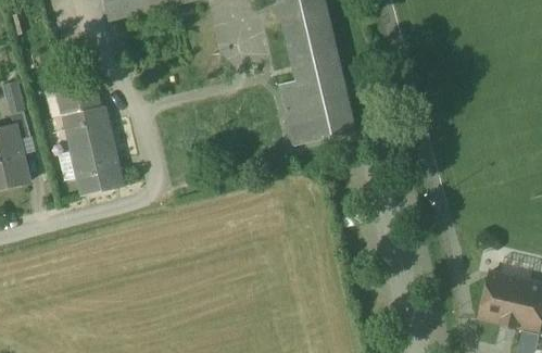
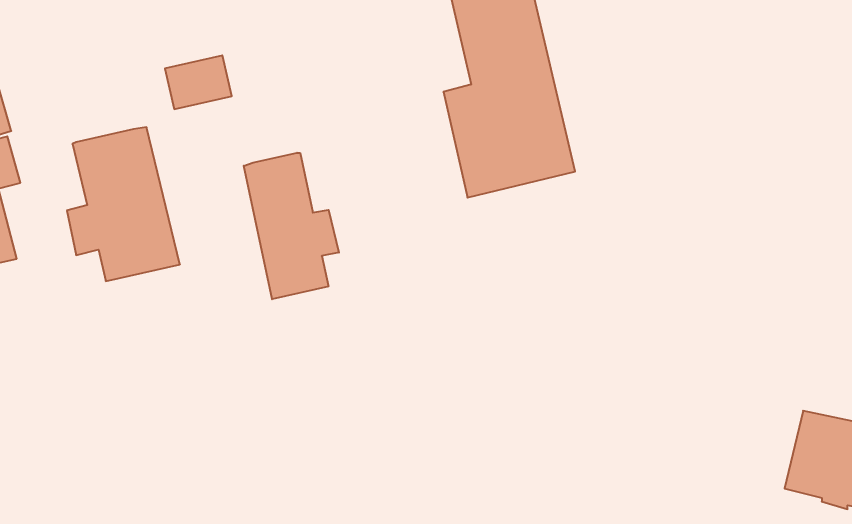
building: [59,83,98,114] -> [165,55,232,109]
building: none -> [244,153,339,299]

